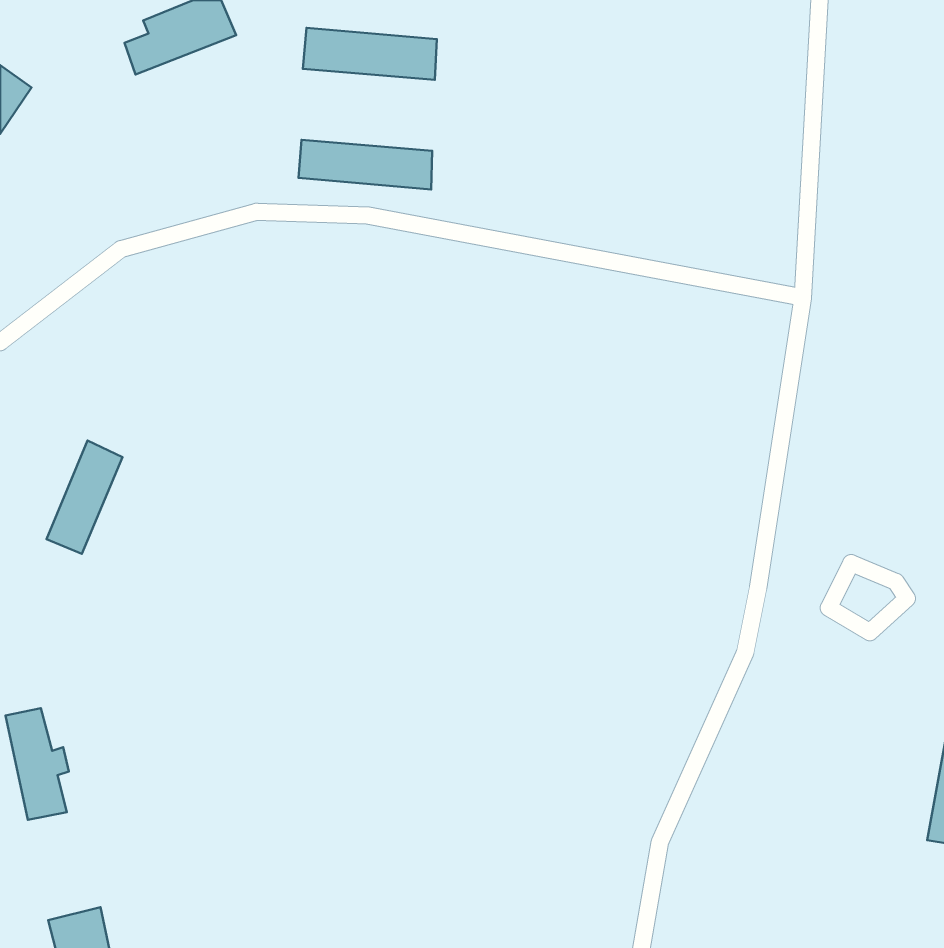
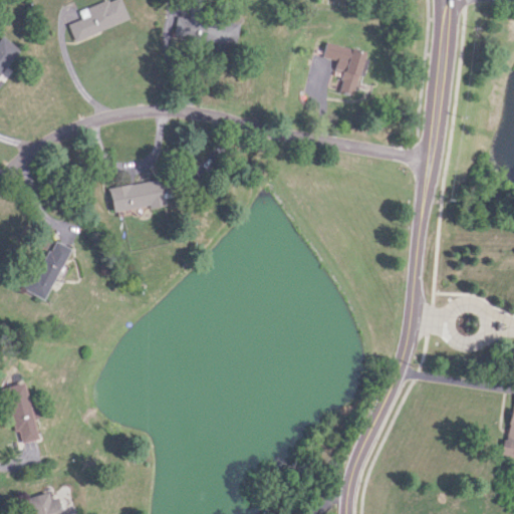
building: none -> [323,42,368,95]
building: [298,140,432,189] -> none
building: none -> [110,181,165,212]

